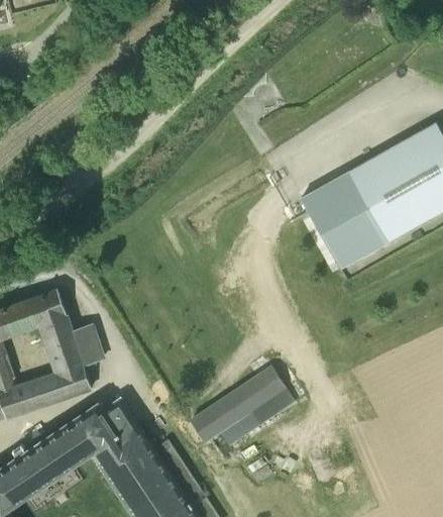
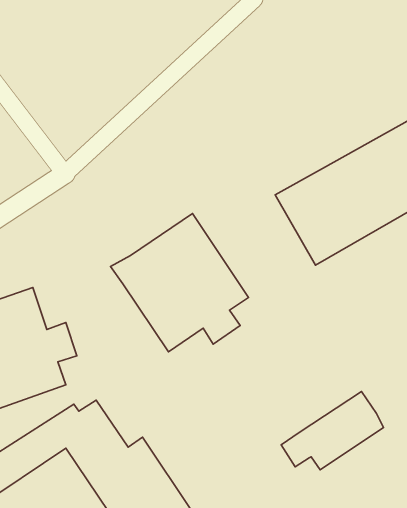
building: none -> [110,214,249,352]
building: [191,366,294,444] -> [281,391,384,470]

